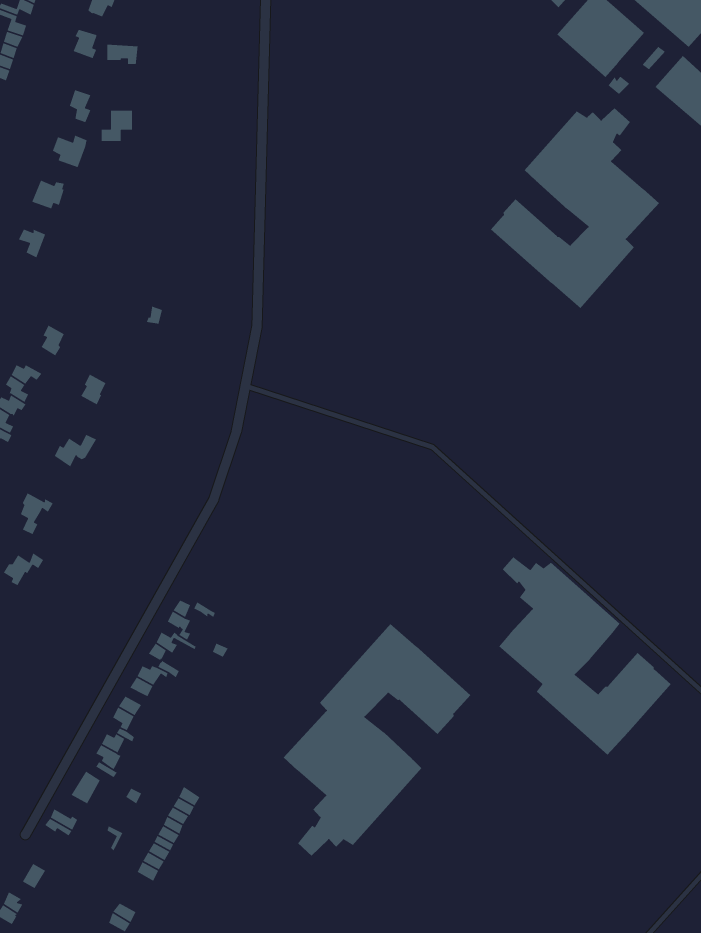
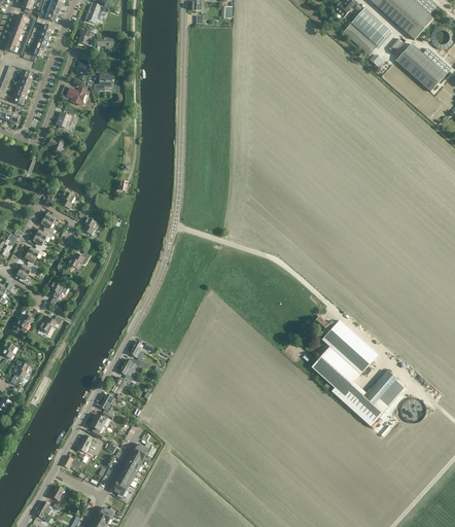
building: [490,107,660,309] -> none
building: [283,623,471,856] -> none

